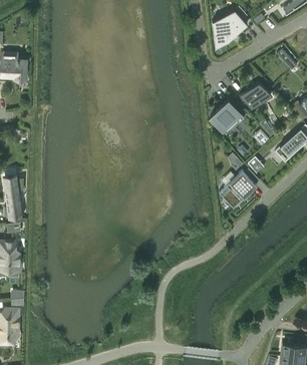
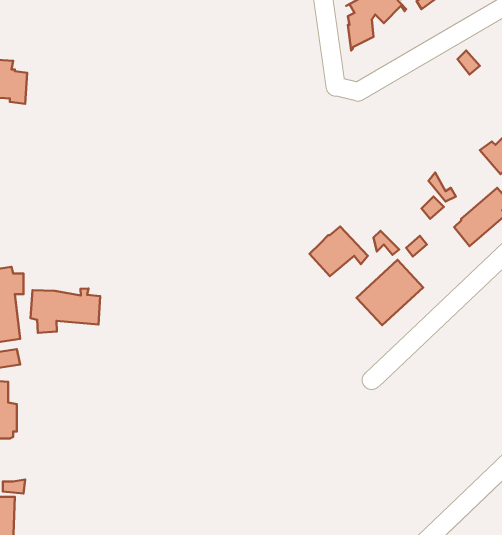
building: [240,83,273,108] -> none
building: [211,101,245,130] -> [309,227,368,276]
building: none -> [31,288,100,333]

